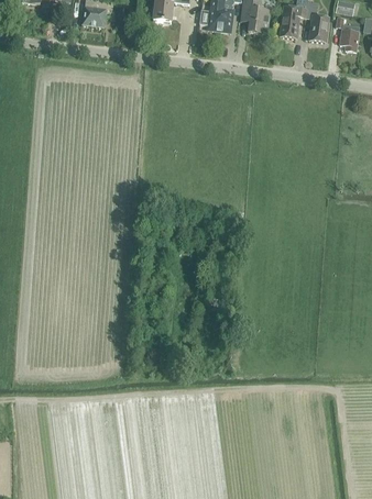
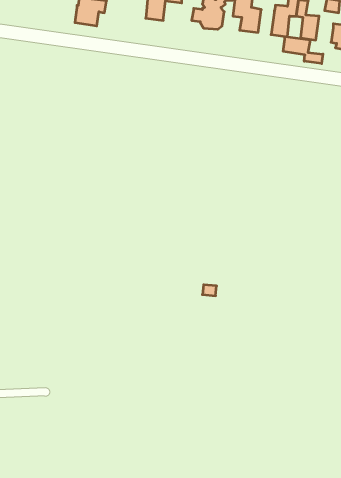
building: none -> [283,37,323,64]

